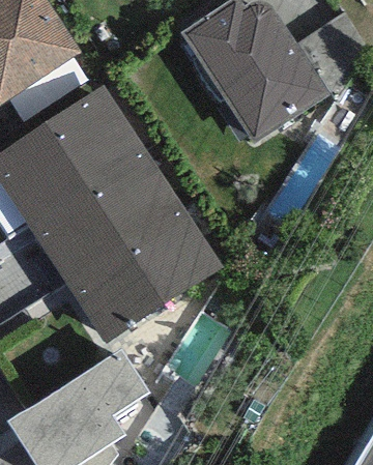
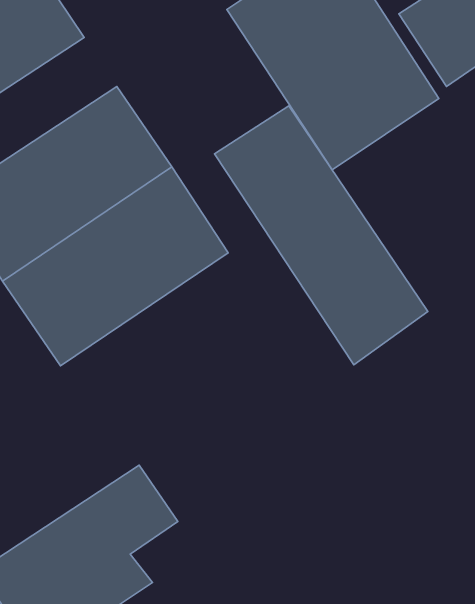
building: none -> [215,106,428,365]
building: [64,203,222,343] -> none

